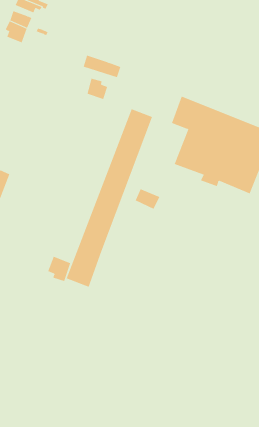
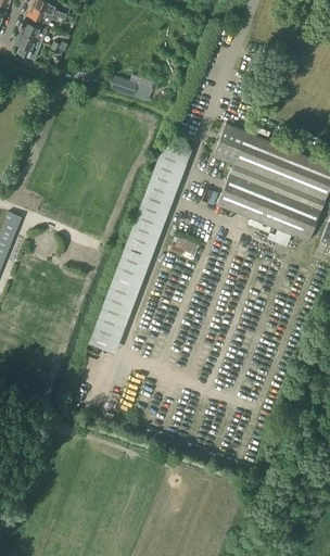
building: [87,78,108,100] -> none
building: [48,256,71,282] -> none

